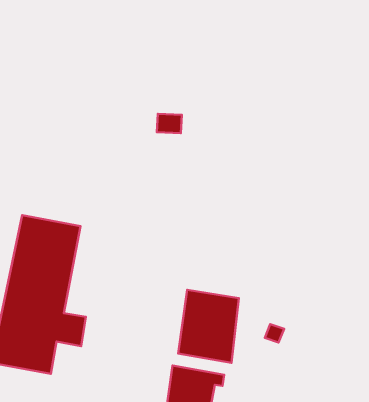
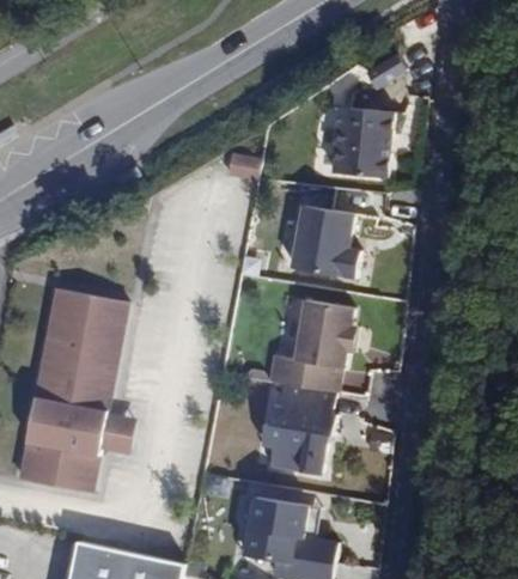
building: none -> [329,106,386,175]
building: none -> [286,203,360,279]
building: none -> [269,301,359,395]

